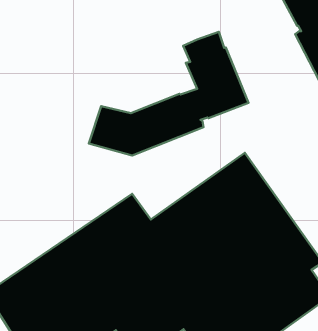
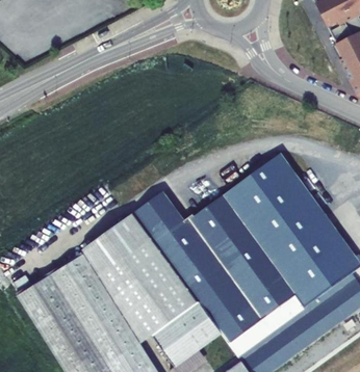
building: [89,32,249,155] -> none

